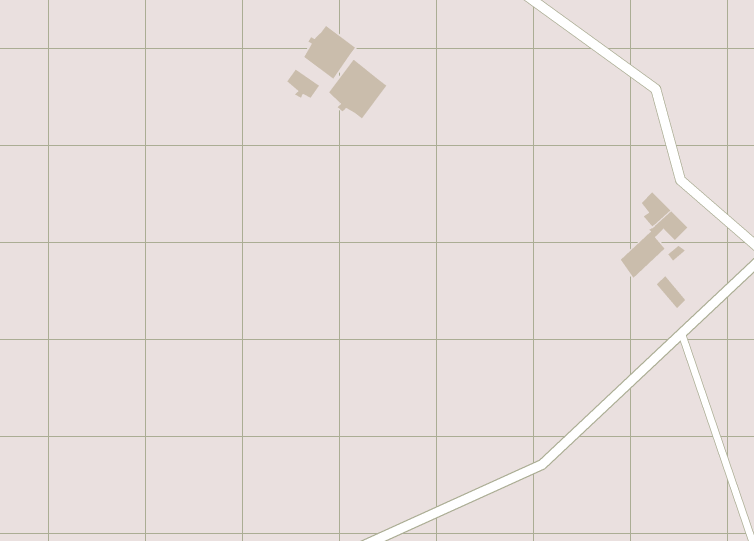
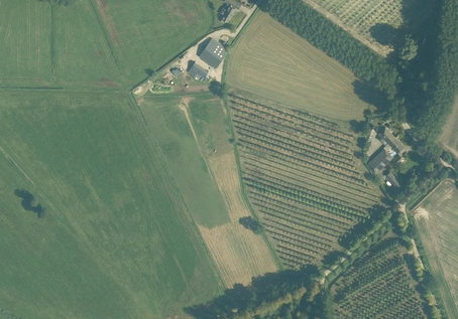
building: [328,58,388,119] -> none

